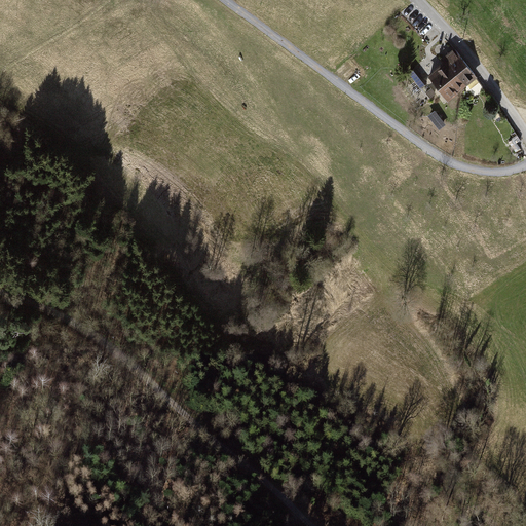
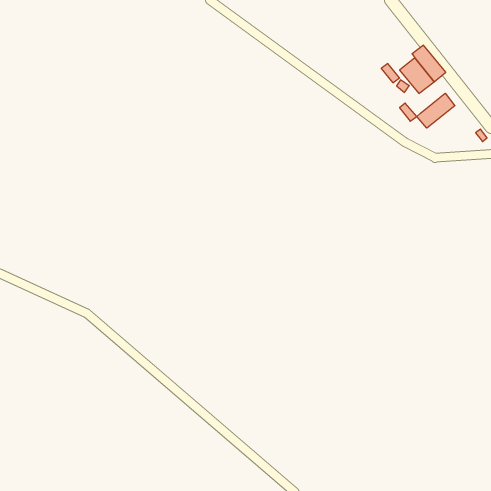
building: none -> [417,93,455,128]

